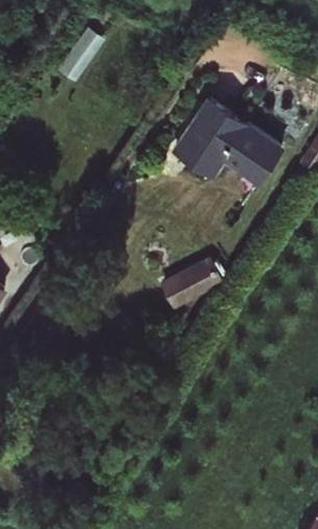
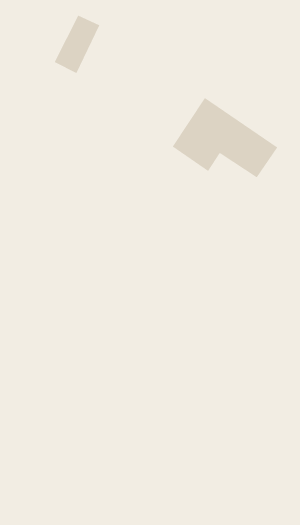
building: [161,253,225,303] -> none

